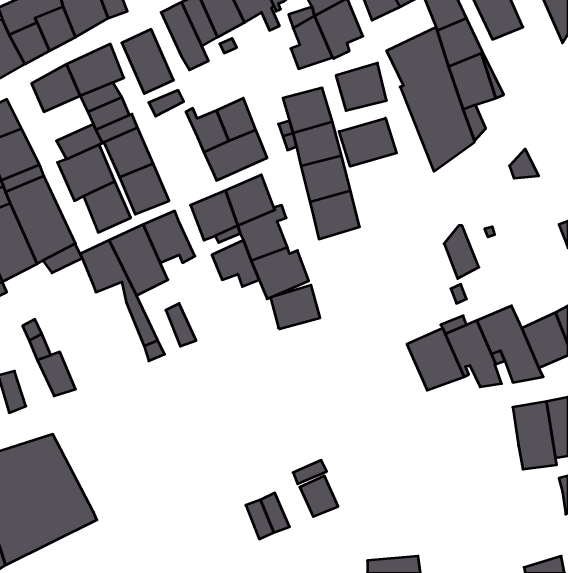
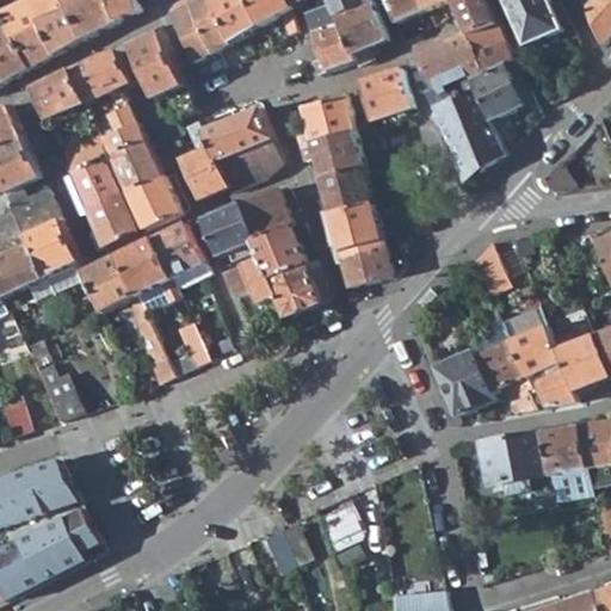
building: [339,118,397,166] -> none
building: none -> [180,144,227,198]
building: [271,285,320,329] -> [338,240,390,286]
building: none -> [479,431,549,481]

